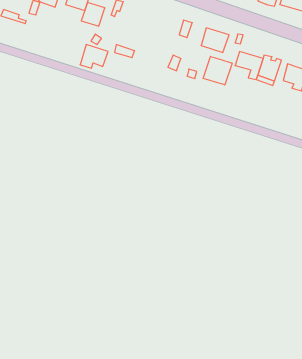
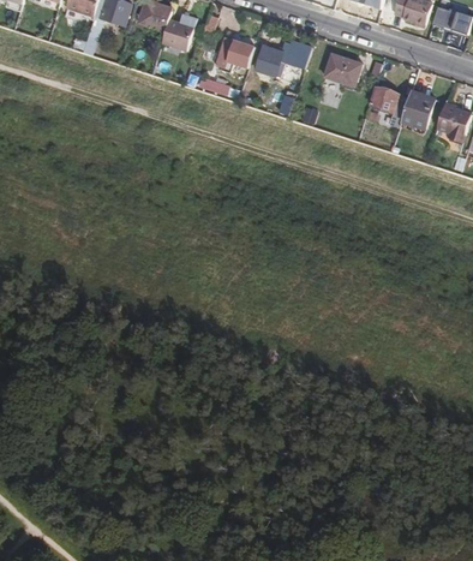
building: none -> [255,44,283,76]
building: [80,45,108,68] -> [216,37,255,70]
building: [203,56,232,85] -> none

